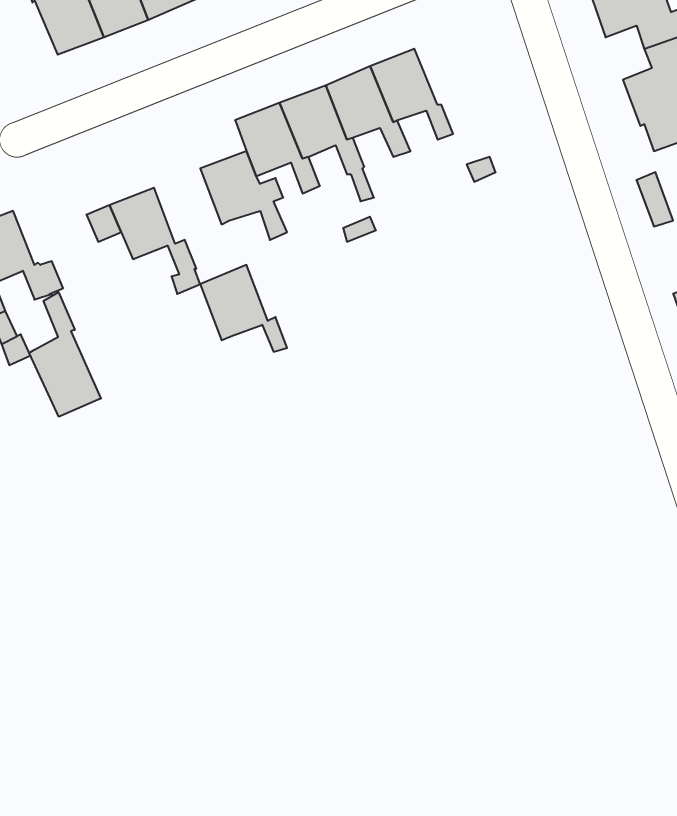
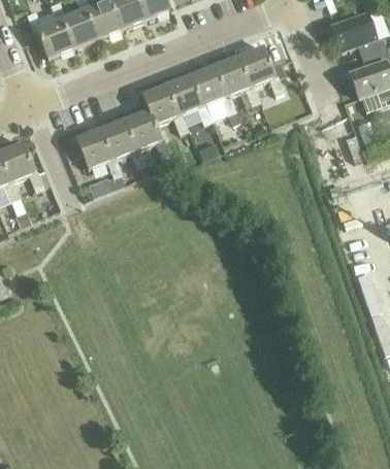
building: none -> [239,44,285,93]
building: [200,265,287,352] -> [100,118,147,164]
building: [29,292,101,417] -> none

